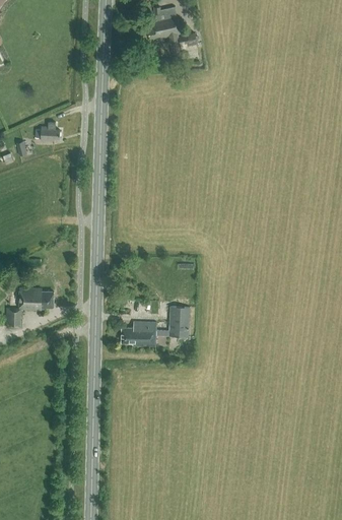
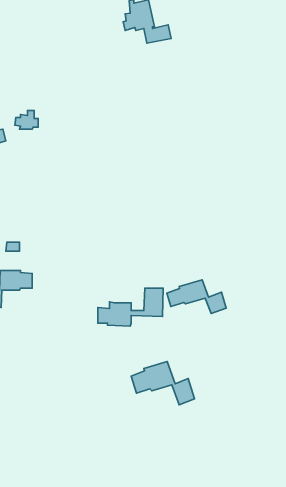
building: none -> [167,280,226,314]
building: none -> [131,361,194,405]

